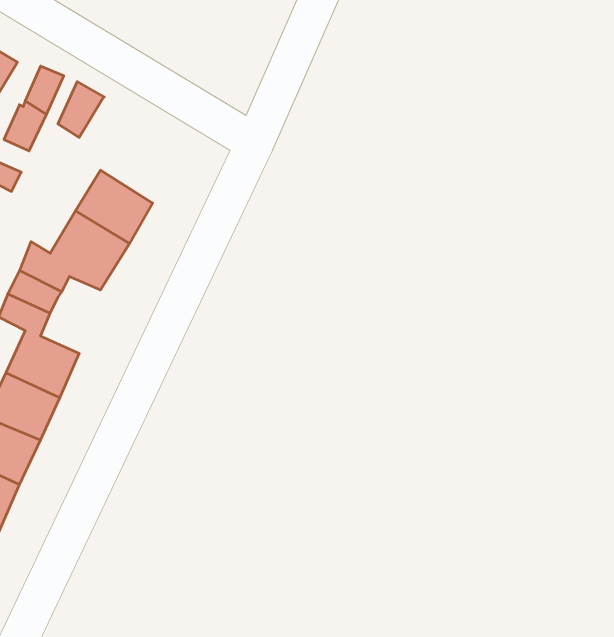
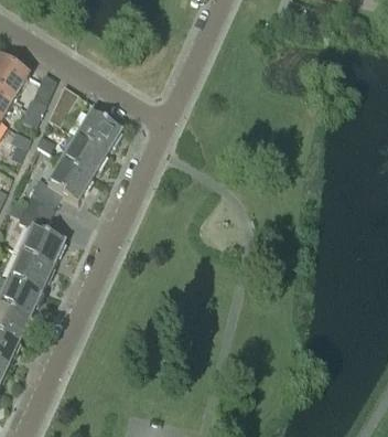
building: none -> [76,106,121,153]

